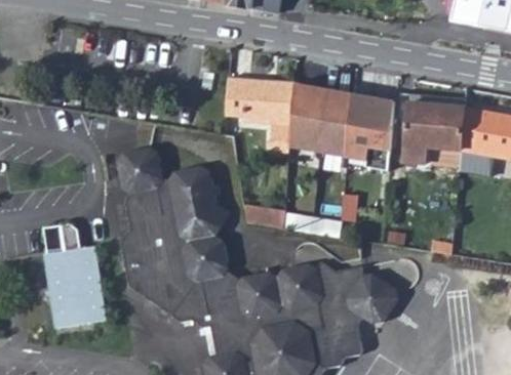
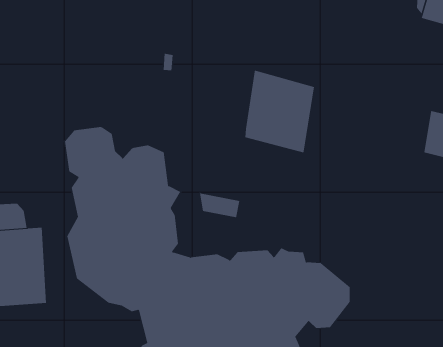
building: [227,76,293,153] -> none
building: [347,94,395,171] -> none
building: [404,105,466,166] -> none

